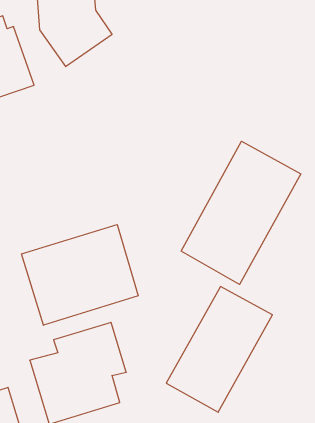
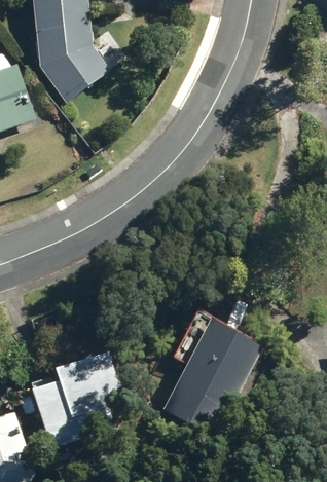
building: [181,141,301,284] -> none
building: [21,225,138,325] -> none

